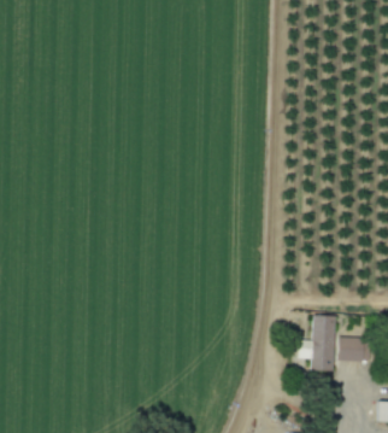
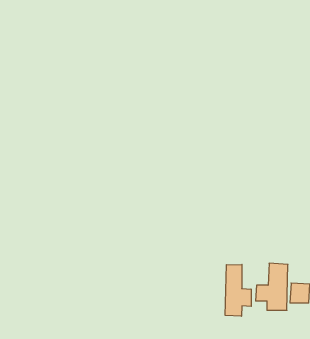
building: none -> [225,264,251,316]

